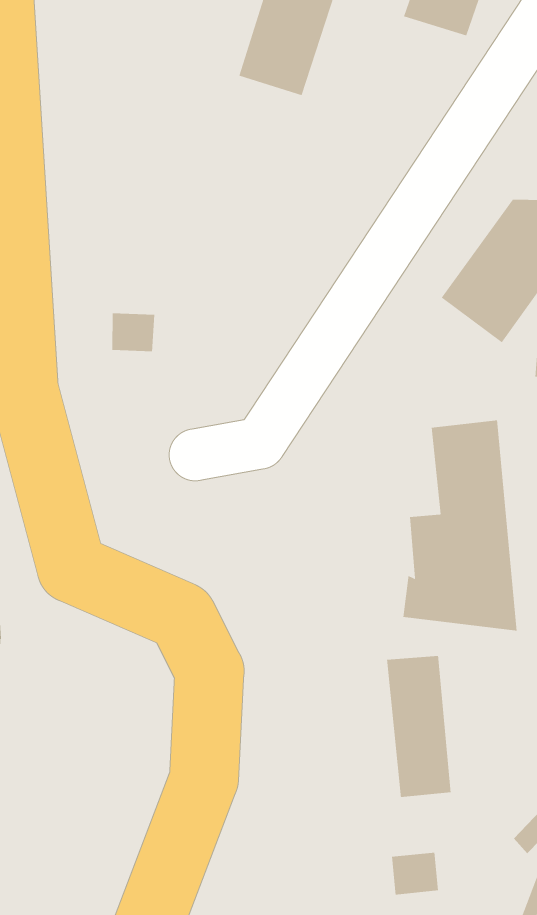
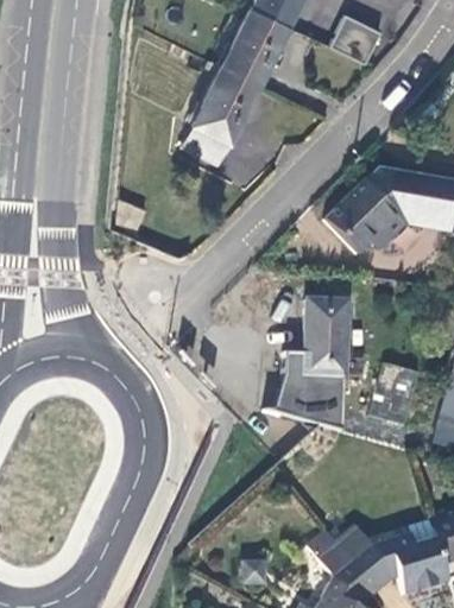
building: none -> [182,68,259,165]
building: [386,655,451,798] -> none

